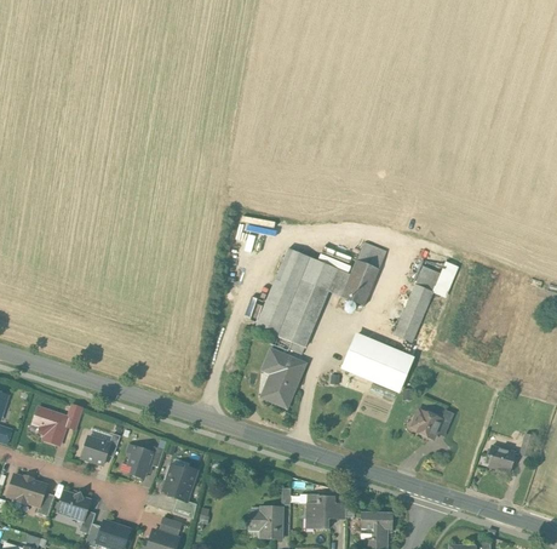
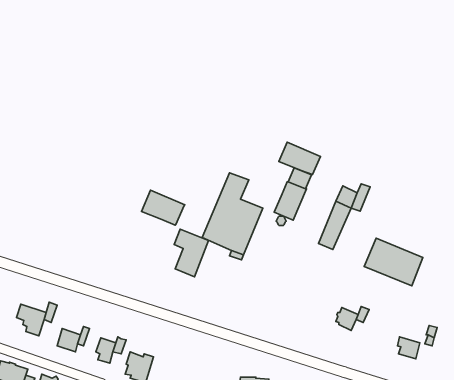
building: [300,257,350,296] -> [279,142,321,175]
building: none -> [142,190,185,225]
building: [341,333,412,390] -> [364,238,423,286]
building: [262,349,303,406] -> [174,229,209,277]

